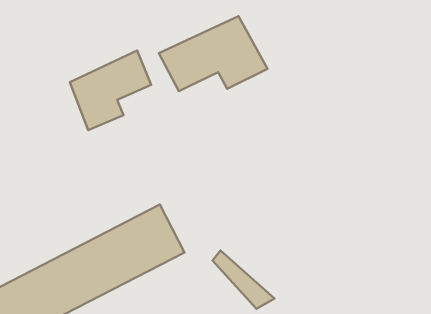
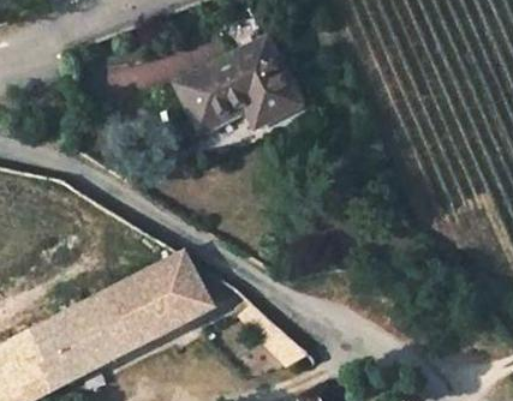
building: [70,51,151,130] -> none

